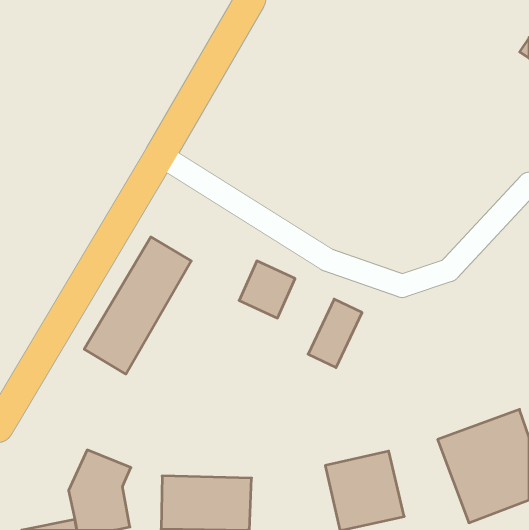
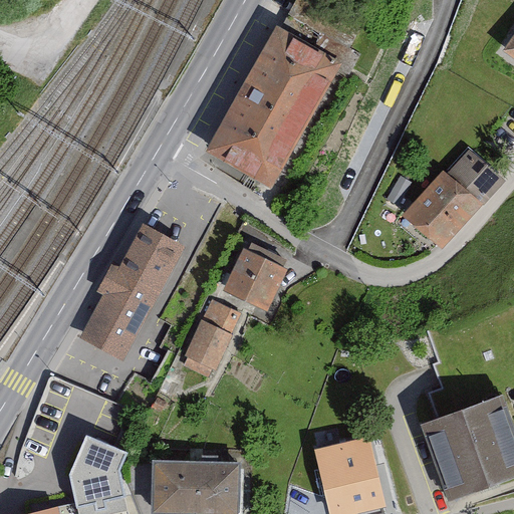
building: none -> [205,28,337,187]
building: none -> [405,151,499,246]
building: [308,299,362,368] -> [186,300,238,366]

